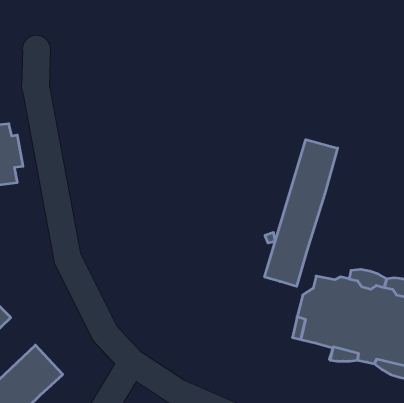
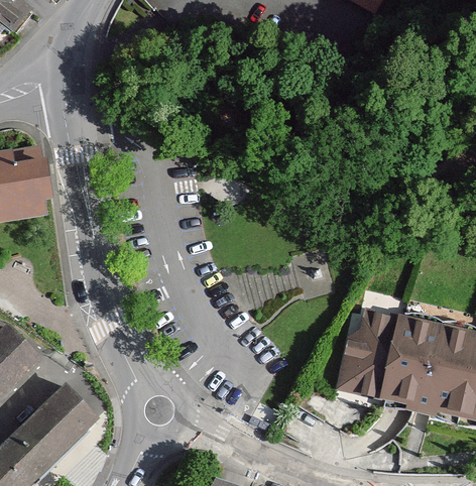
building: [265,140,338,286] -> none

